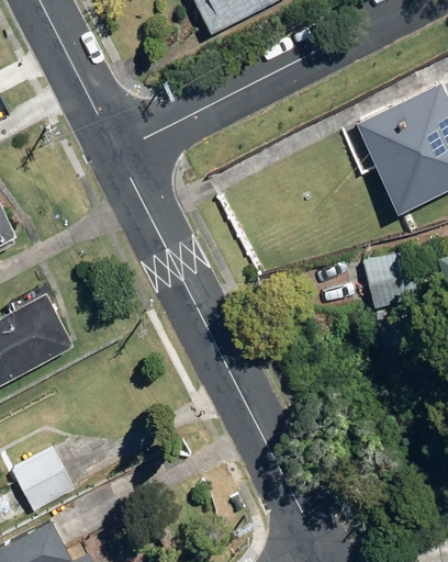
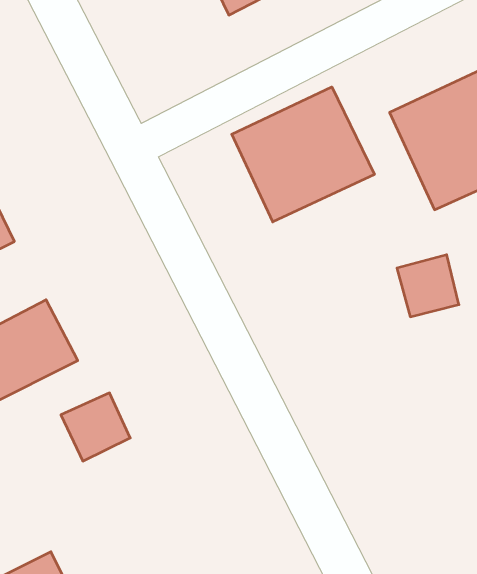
building: none -> [232,87,374,222]
building: [12,451,75,513] -> [61,393,130,461]

